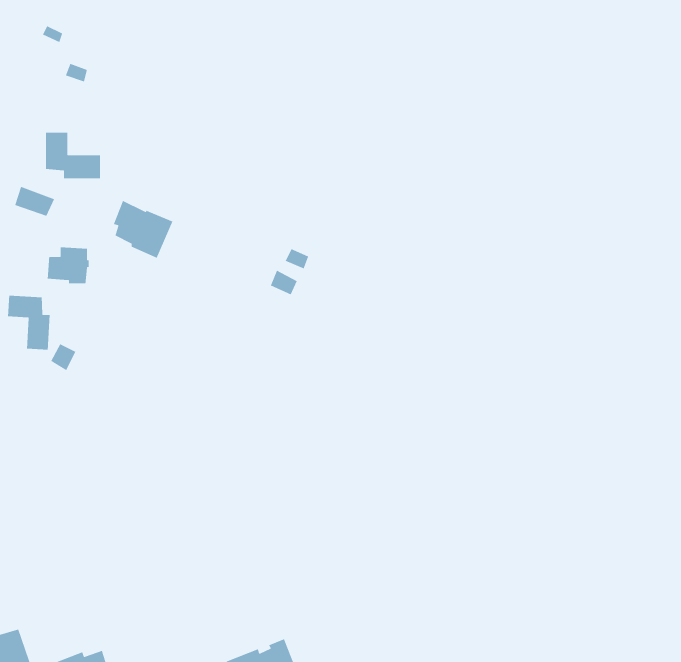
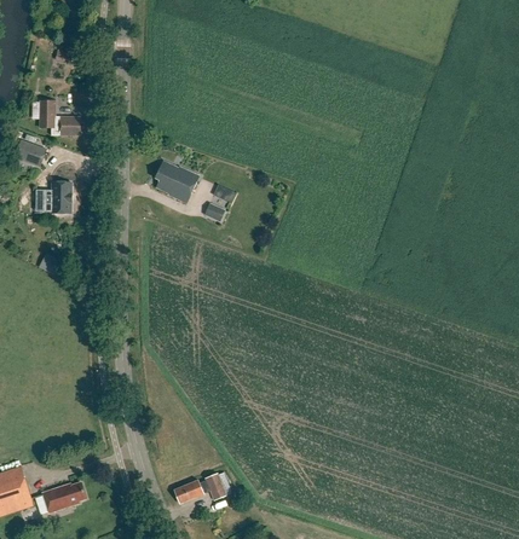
building: [113,200,173,259] -> [155,160,200,203]
building: [7,295,51,351] -> none

